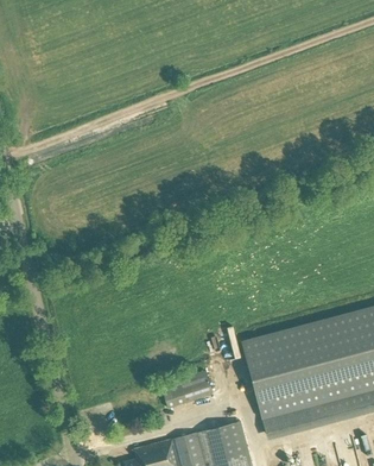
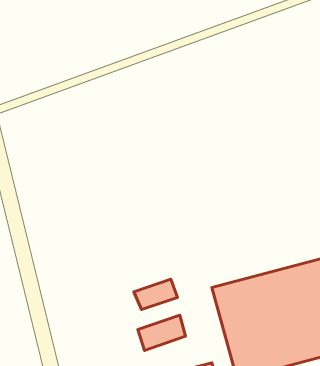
building: none -> [134,279,177,309]

